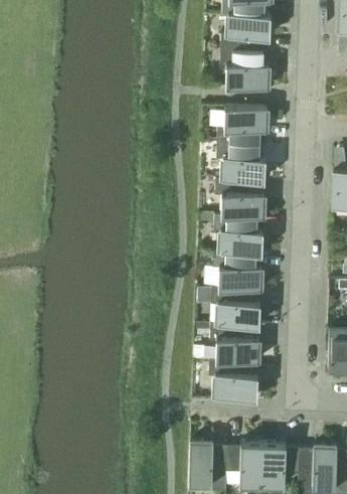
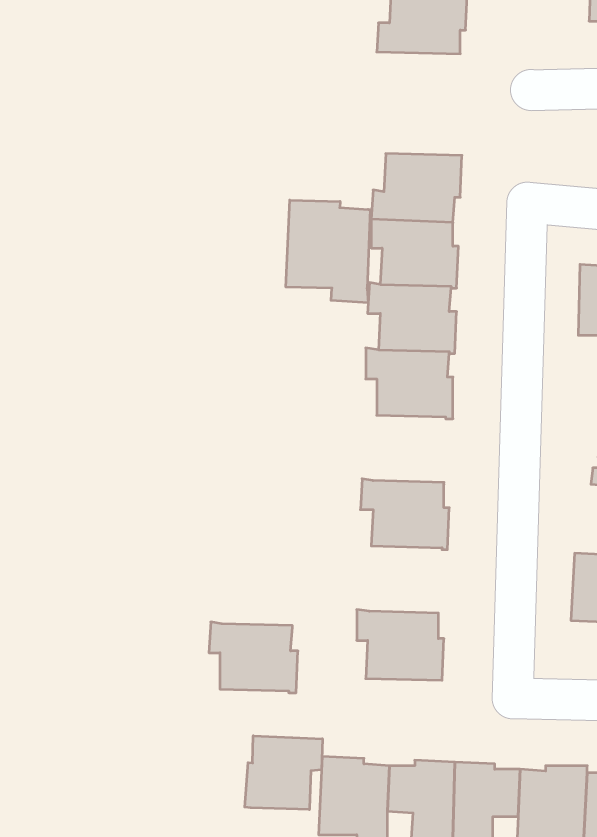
building: [220,52,269,91] -> none
building: none -> [286,200,370,303]
building: [213,253,262,292] -> none
building: [210,325,259,364] -> [209,622,298,693]
building: none -> [245,736,322,810]

